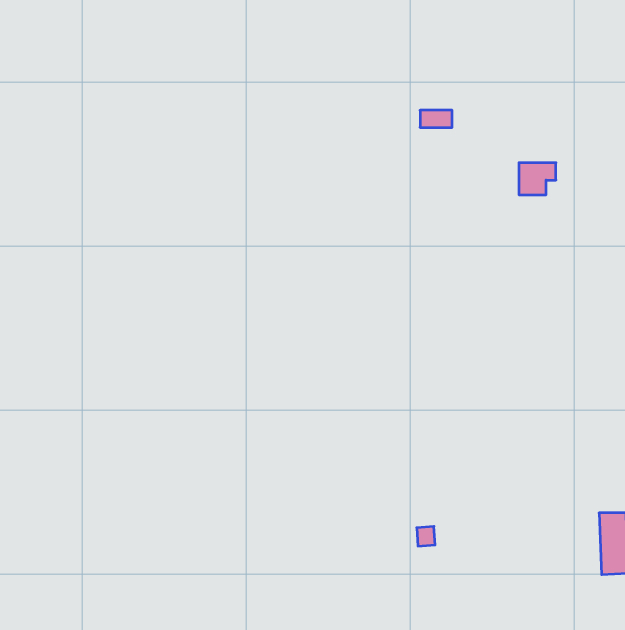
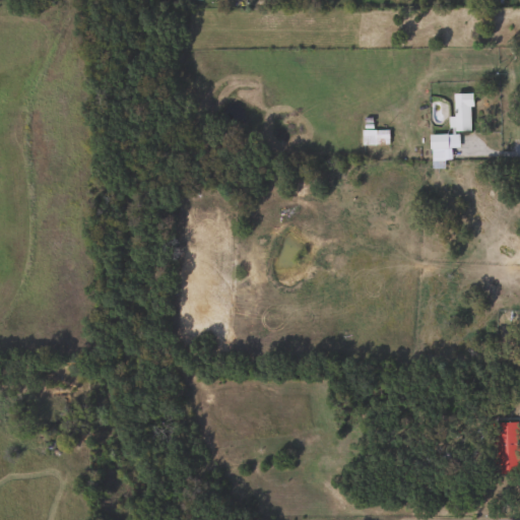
building: [420,110,452,127] -> [365,130,391,144]
building: none -> [452,93,474,131]

